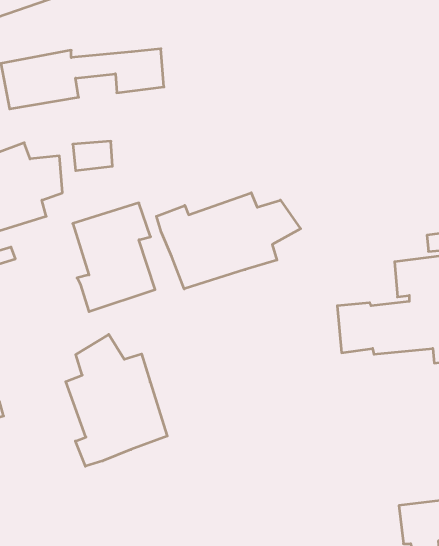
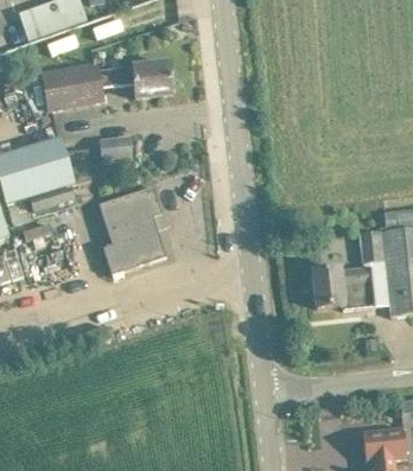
building: [156,193,301,289] -> none
building: [66,334,167,466] -> none

